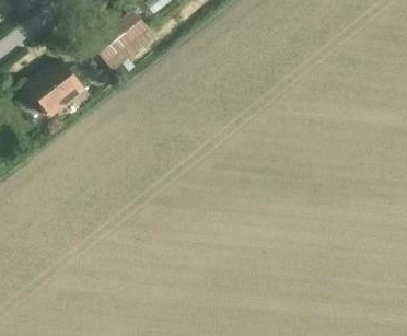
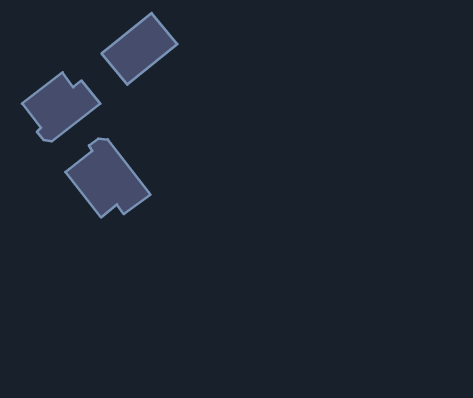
building: none -> [65,139,150,217]

